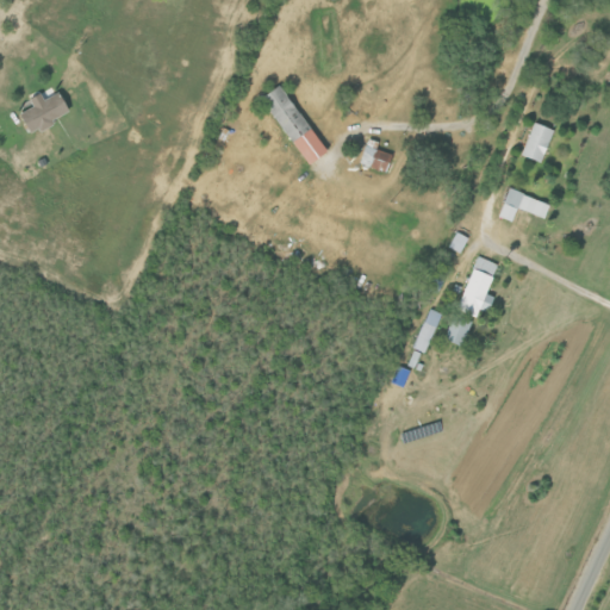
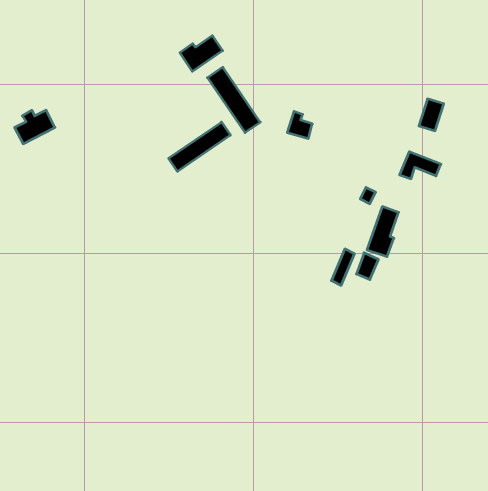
building: none -> [180,36,223,71]
building: [19,92,69,133] -> [15,110,55,144]
building: none -> [169,122,230,171]

